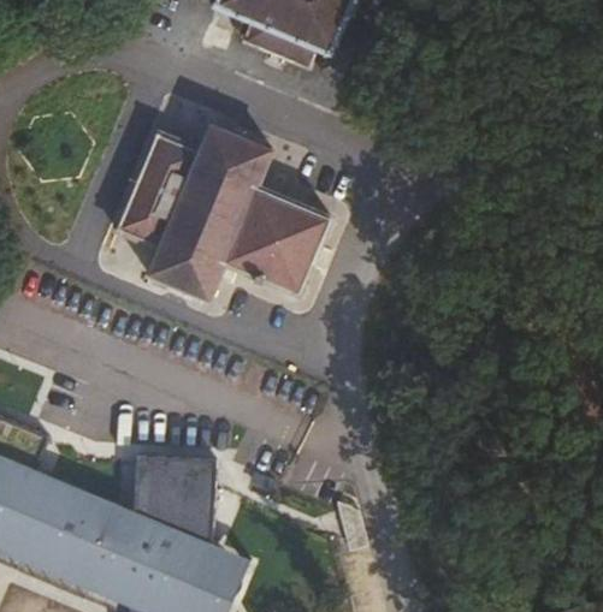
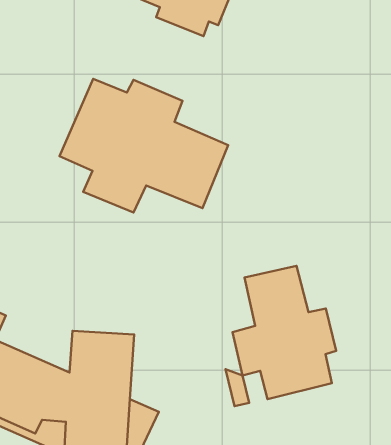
building: none -> [232,266,336,399]

